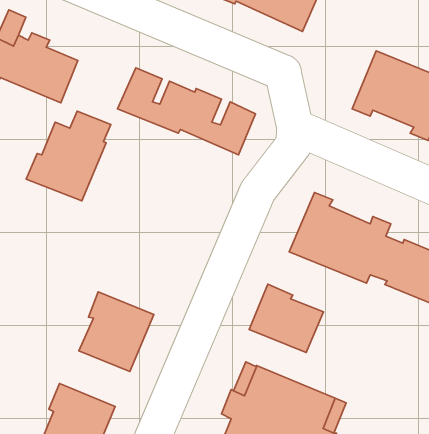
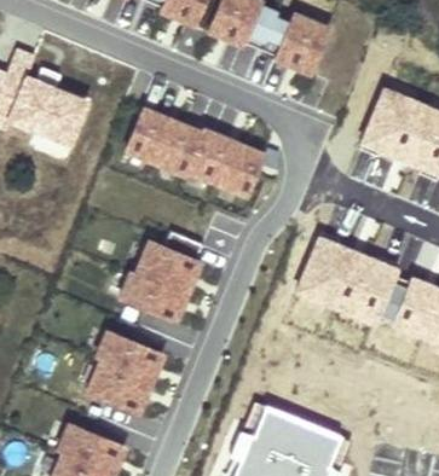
building: [26,111,111,201] -> [120,230,204,319]
building: [249,284,324,353] -> none

